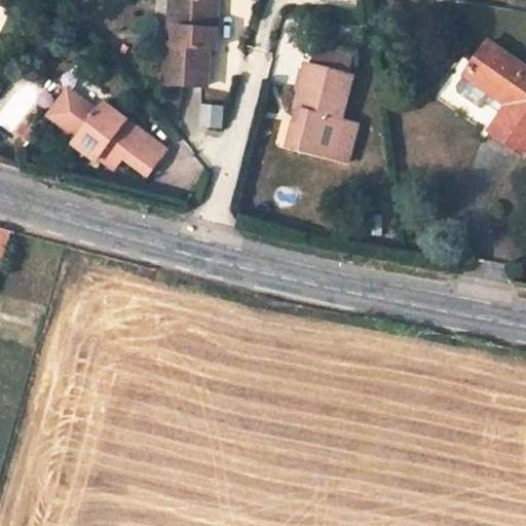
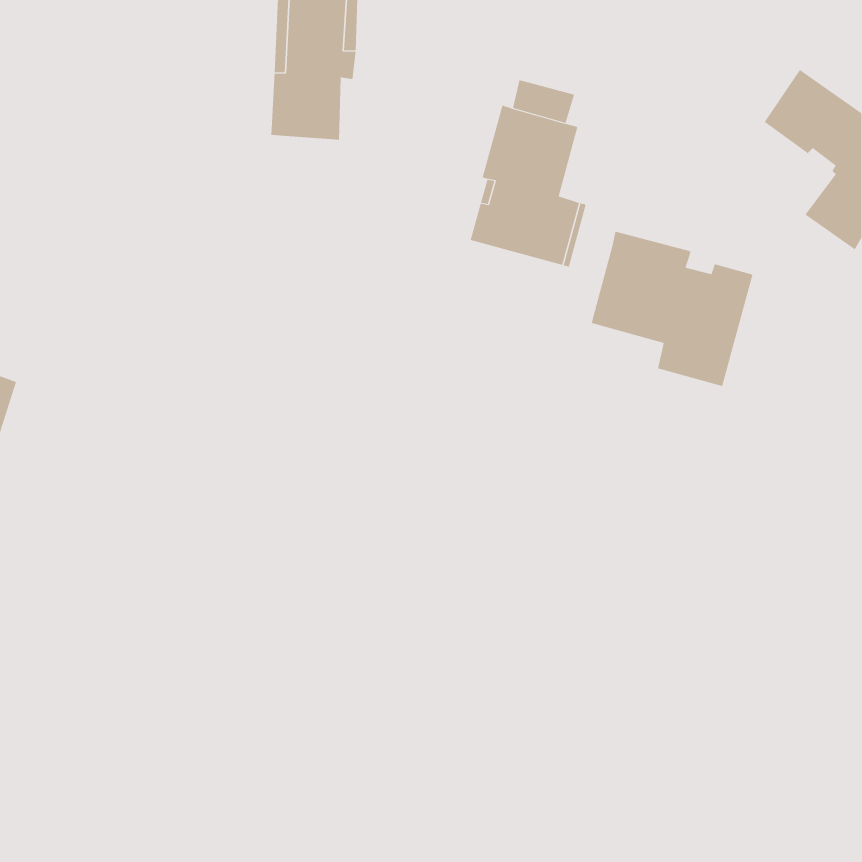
building: [47,90,164,177] -> none
building: none -> [591,231,753,387]

